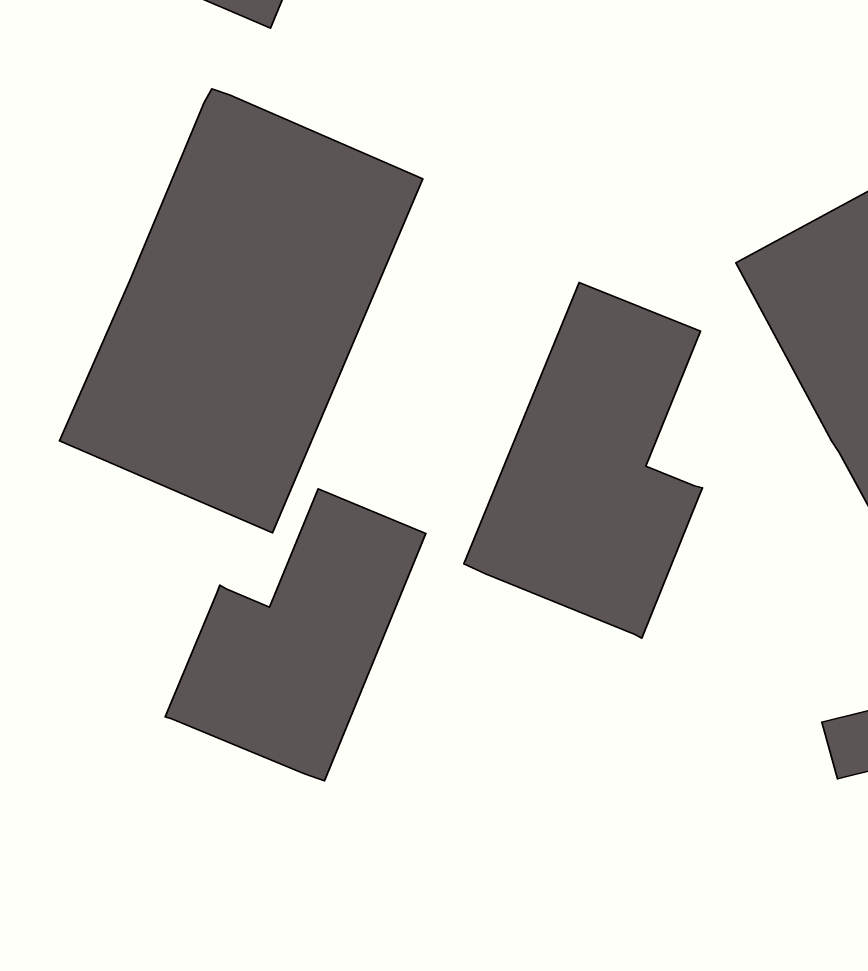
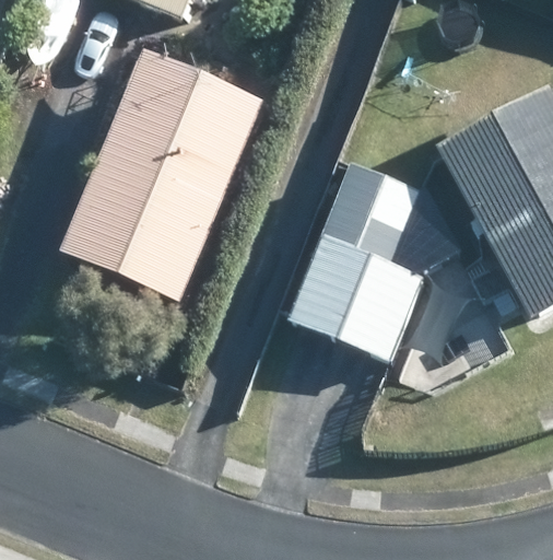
building: [165,489,426,781] -> none

